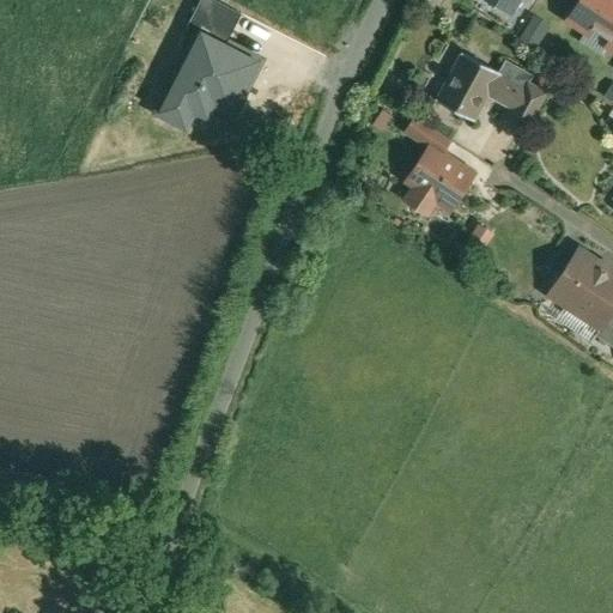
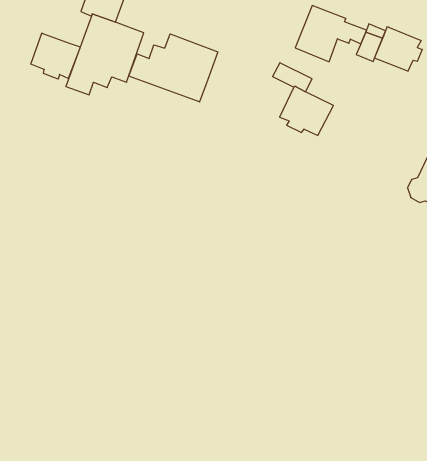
building: none -> [31,33,80,79]
building: none -> [129,34,218,102]
building: none -> [375,27,422,71]

